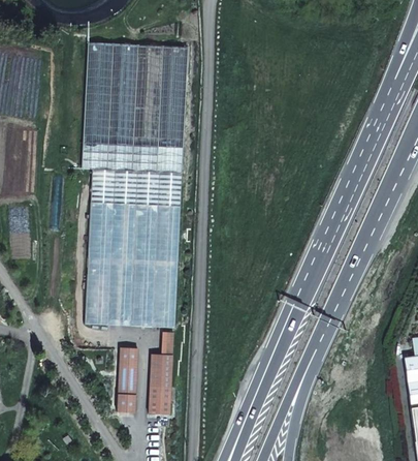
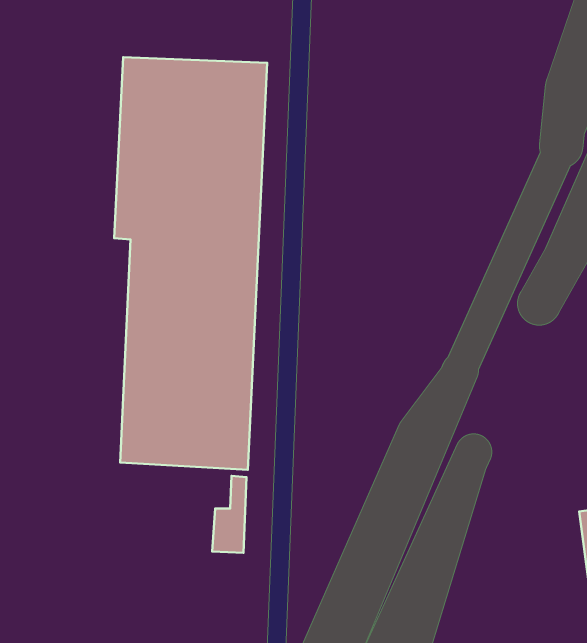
building: [118,348,138,412] -> none
building: [149,386,171,413] -> none

